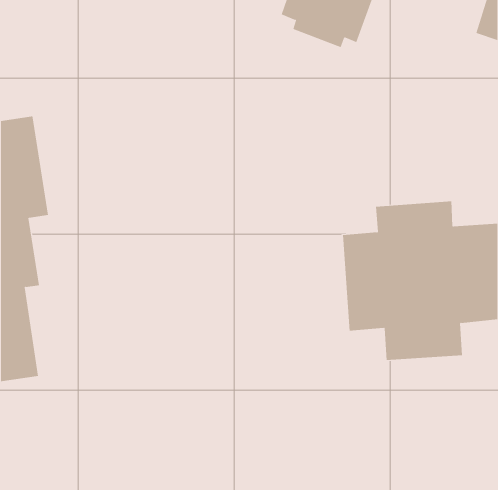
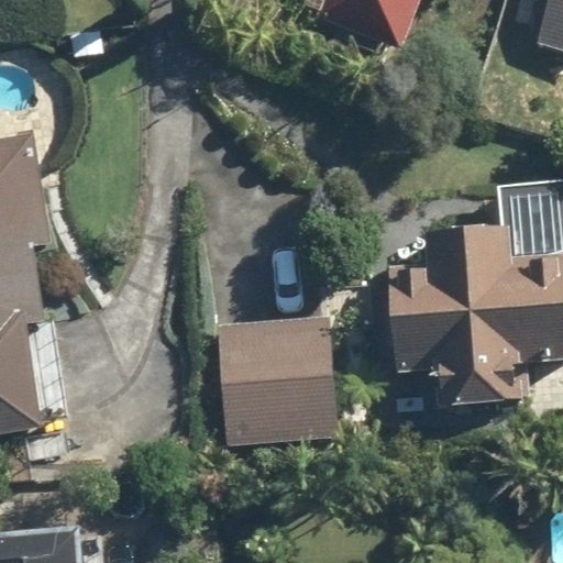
building: none -> [218,316,334,440]

